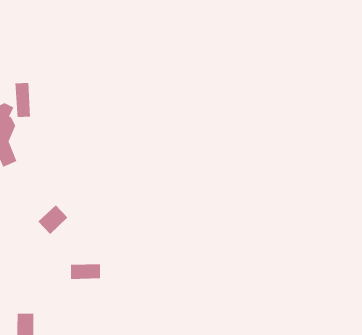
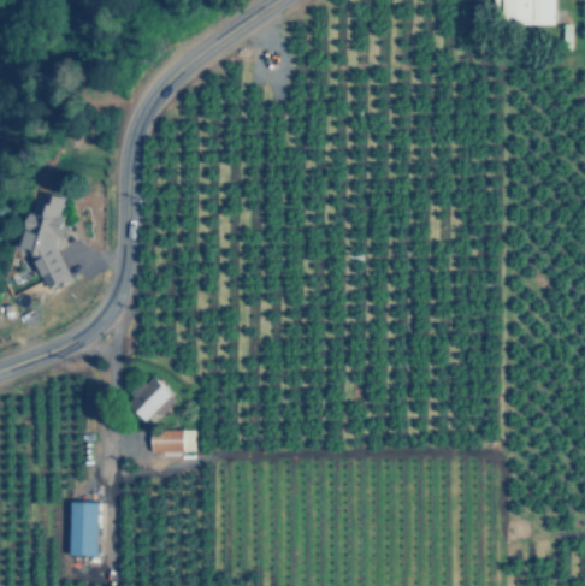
building: [15,82,31,118] -> none
building: [38,204,68,235] -> [129,375,173,420]

